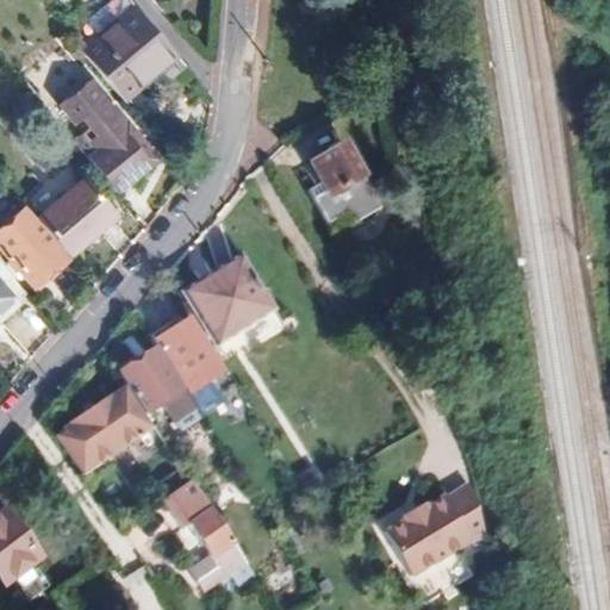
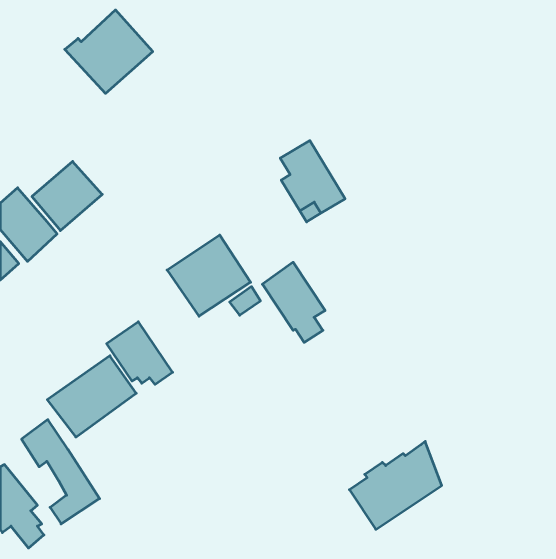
building: [61,79,158,189] -> none
building: [154,311,222,398] -> [262,262,325,342]
building: [164,479,249,592] -> [22,420,100,524]

